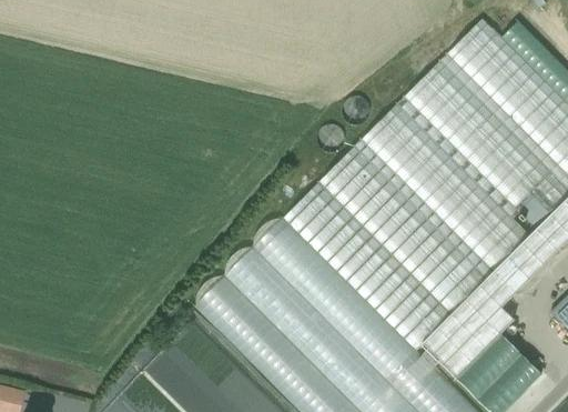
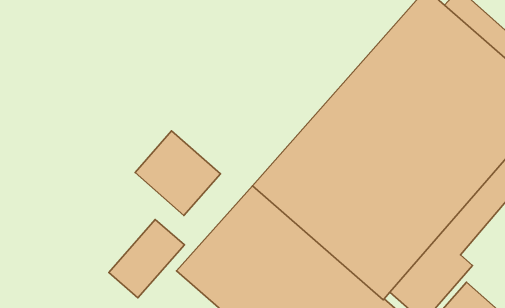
building: none -> [135,131,220,215]
building: none -> [109,219,184,298]

